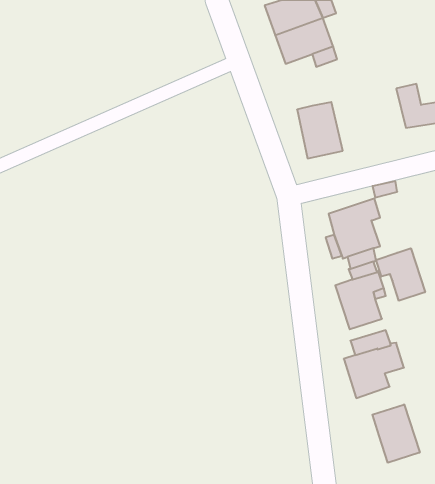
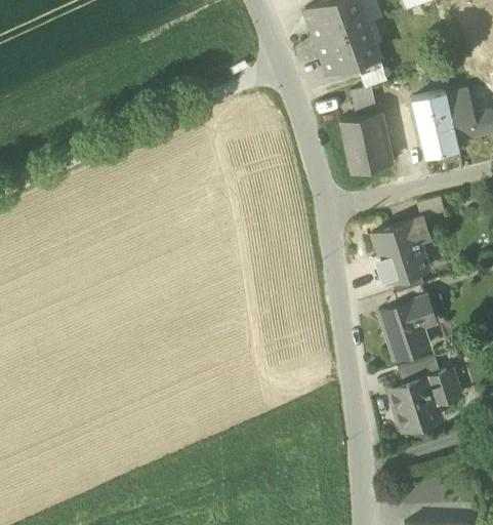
building: none -> [352,89,377,118]
building: none -> [413,94,459,159]
building: [376,248,425,301] -> none
building: [372,404,420,463] -> none

